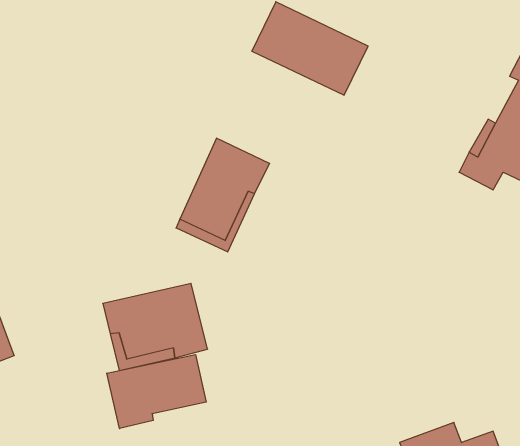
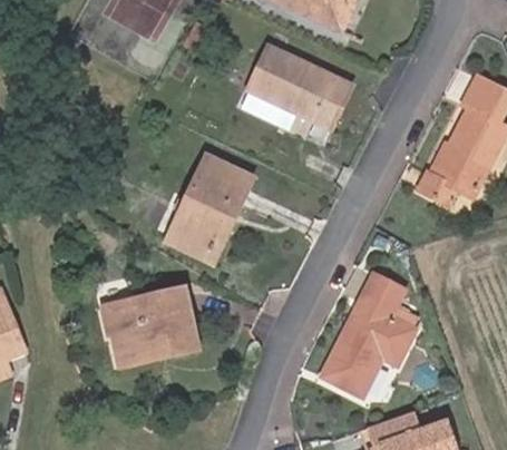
building: none -> [321,274,416,395]
building: [107,355,206,429] -> none

